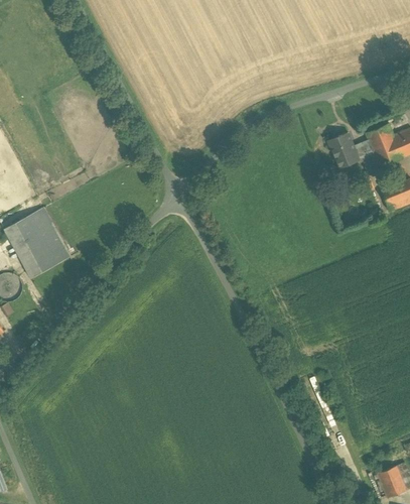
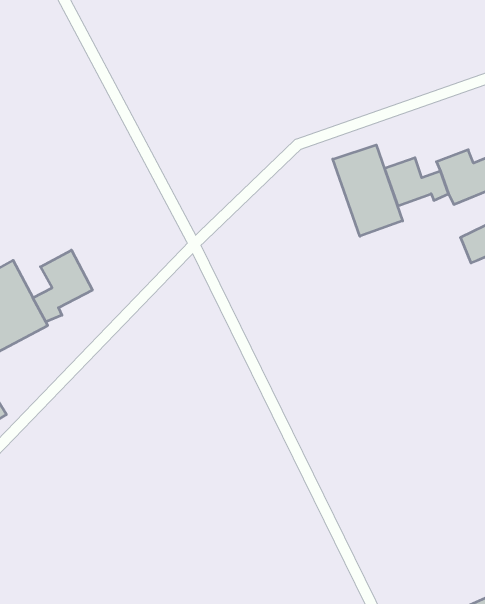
building: none -> [333,145,403,236]
building: none -> [33,250,92,322]

